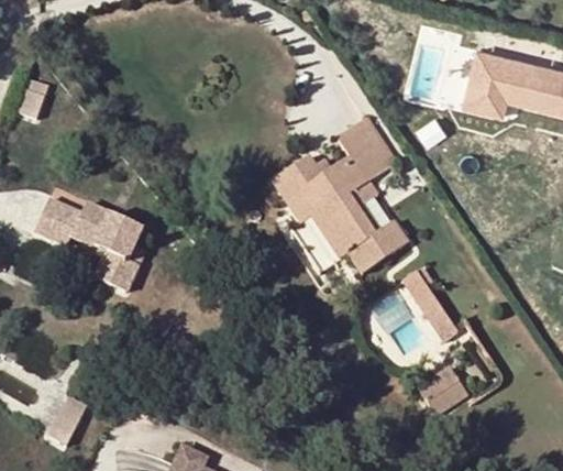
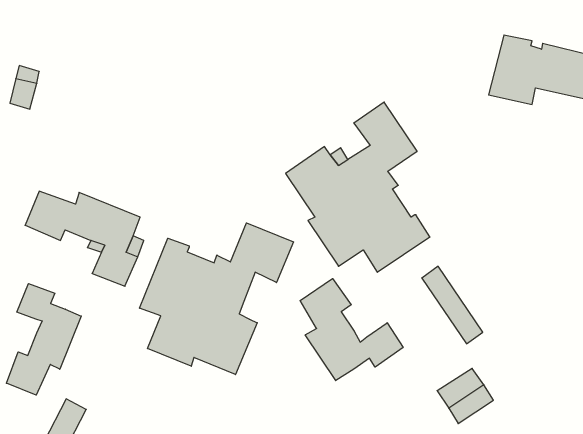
building: none -> [140,223,294,375]
building: none -> [300,279,403,381]
building: none -> [6,284,81,395]

